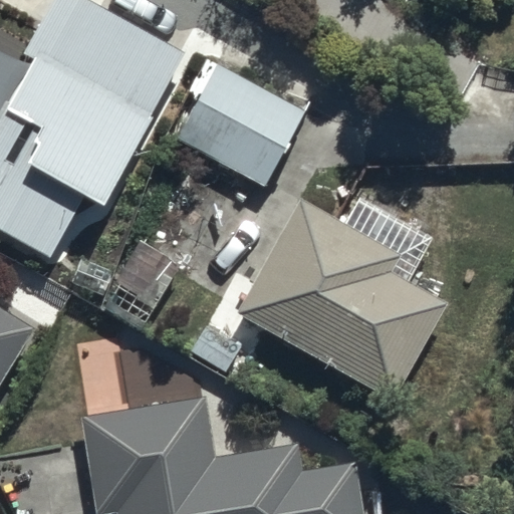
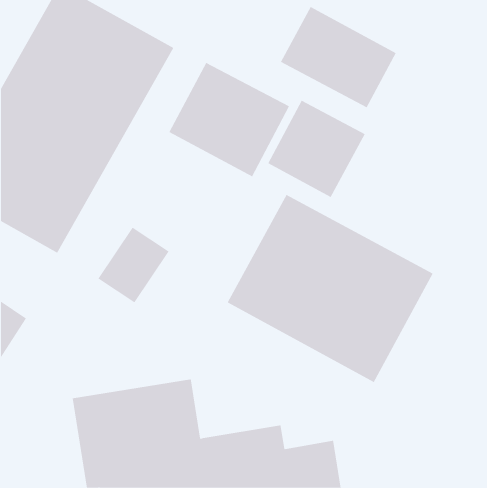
building: none -> [280,6,396,108]
building: none -> [268,100,365,198]

